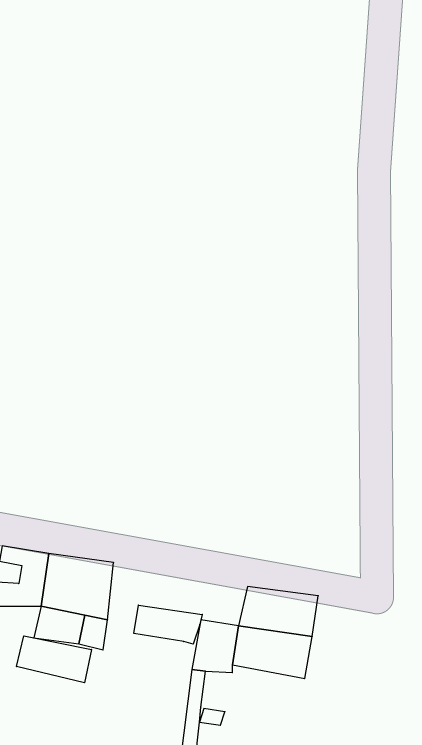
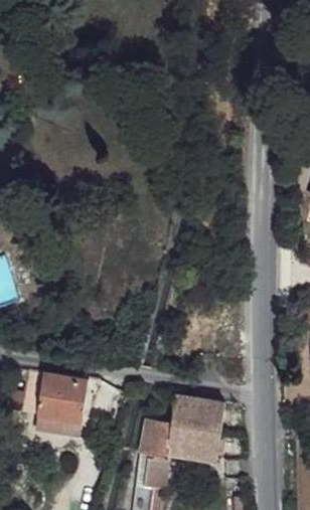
building: [134,605,202,644] -> none
building: [17,636,91,683] -> none

